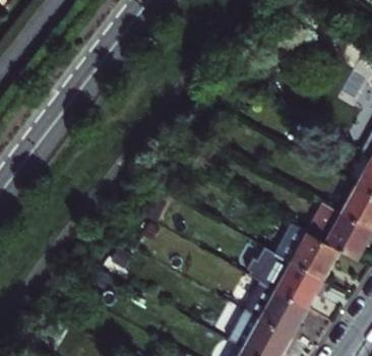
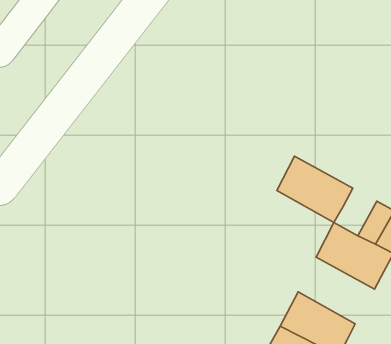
building: [255,254,320,311] -> [277,156,353,223]

